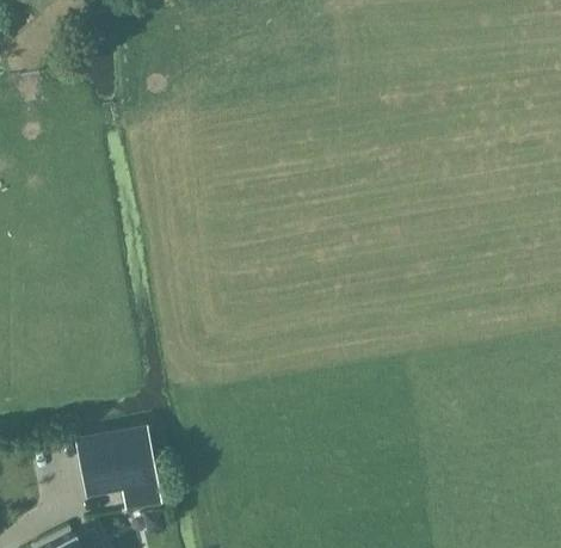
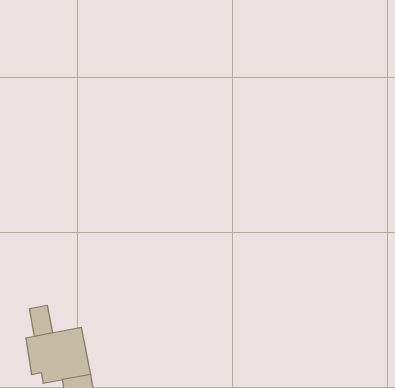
building: none -> [29,305,52,336]

